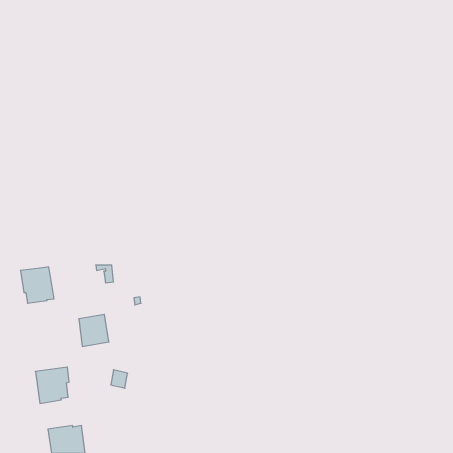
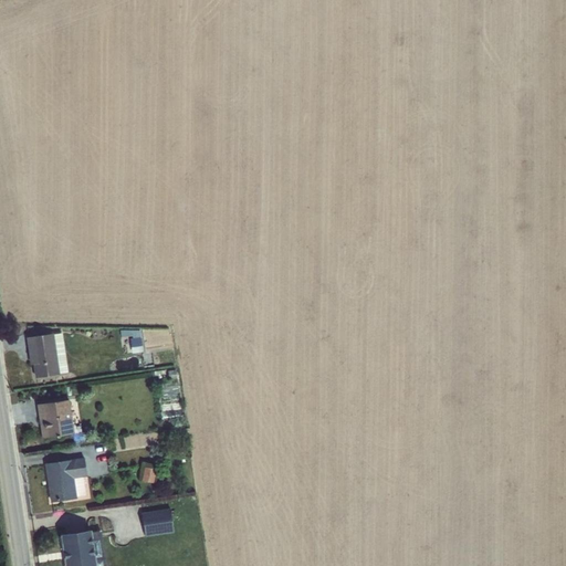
building: [79,314,109,346] -> [36,399,74,439]
building: none -> [140,509,172,536]

